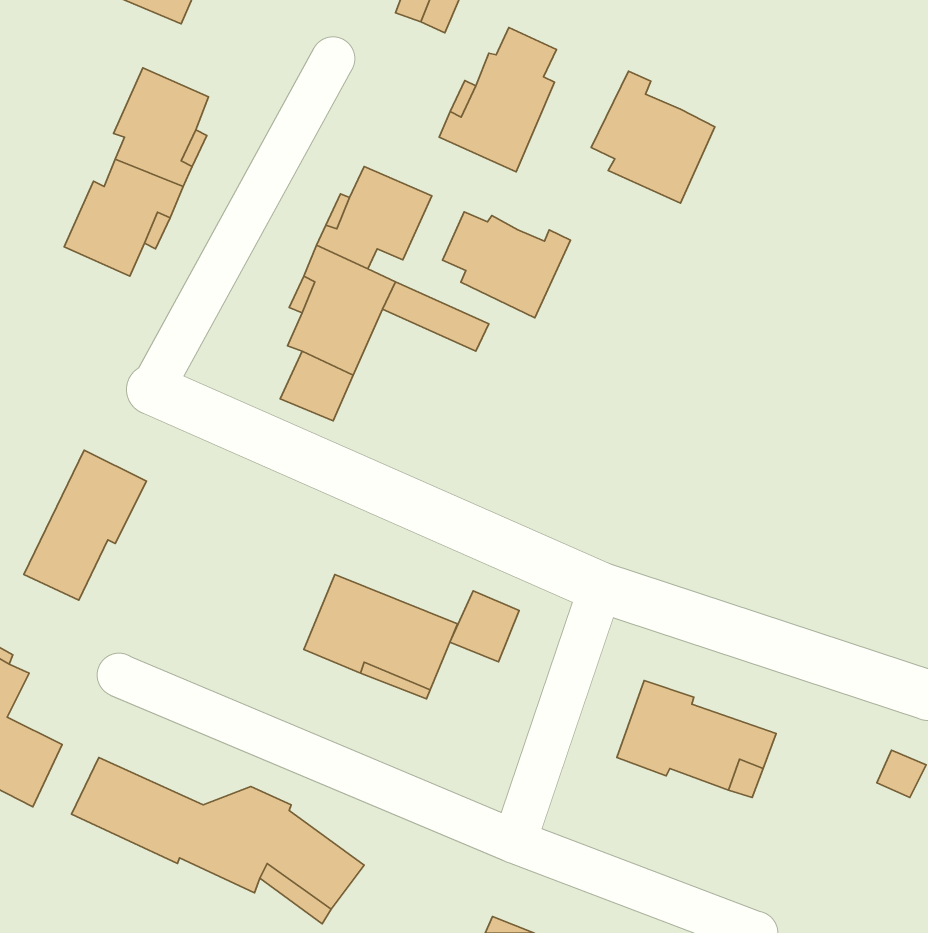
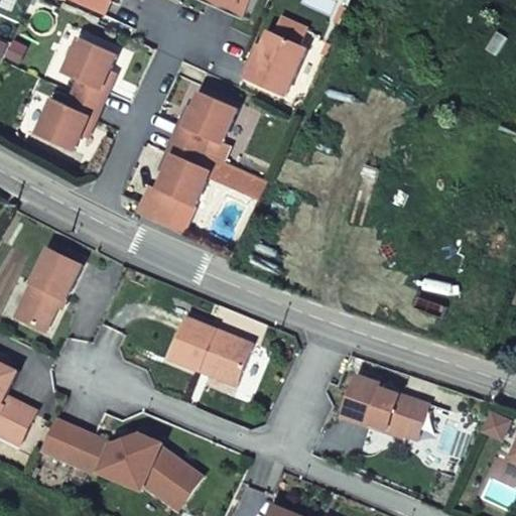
building: [591,71,715,203] -> none
building: [442,212,570,318] -> none
building: [450,591,519,662] -> none

